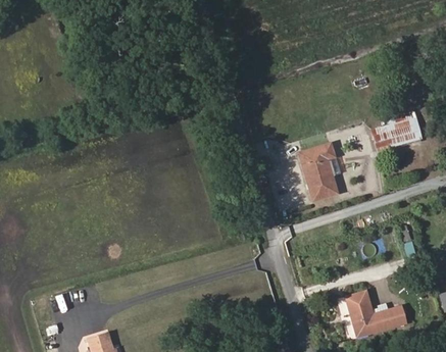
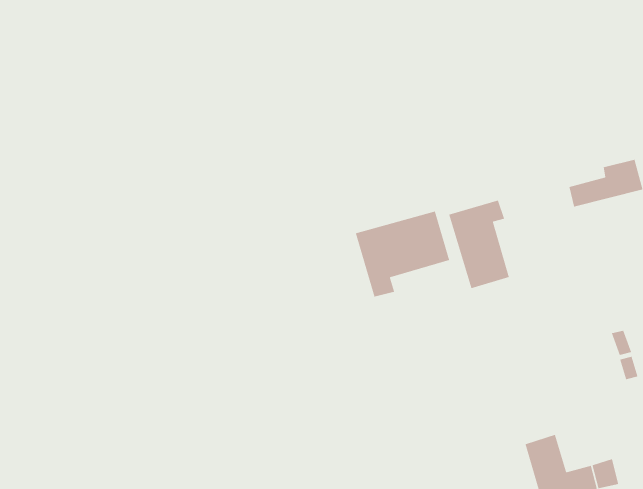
building: none -> [355,211,450,298]

